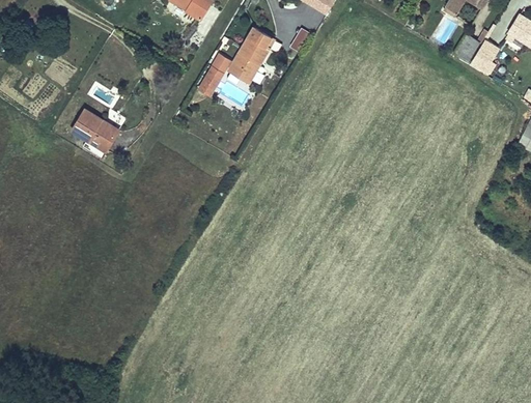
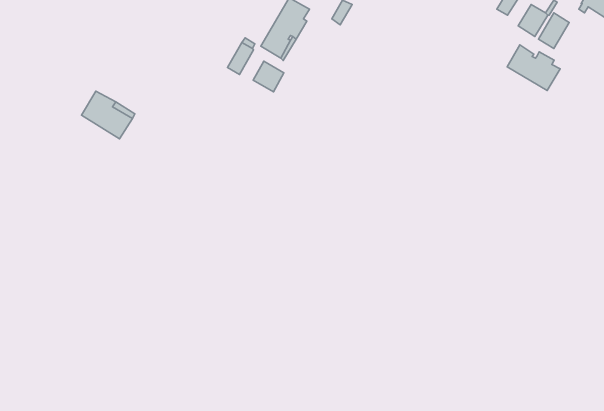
building: none -> [507,45,560,91]
building: none -> [253,61,284,92]

